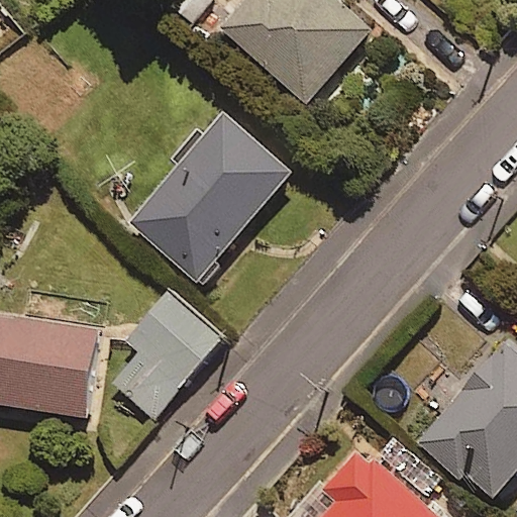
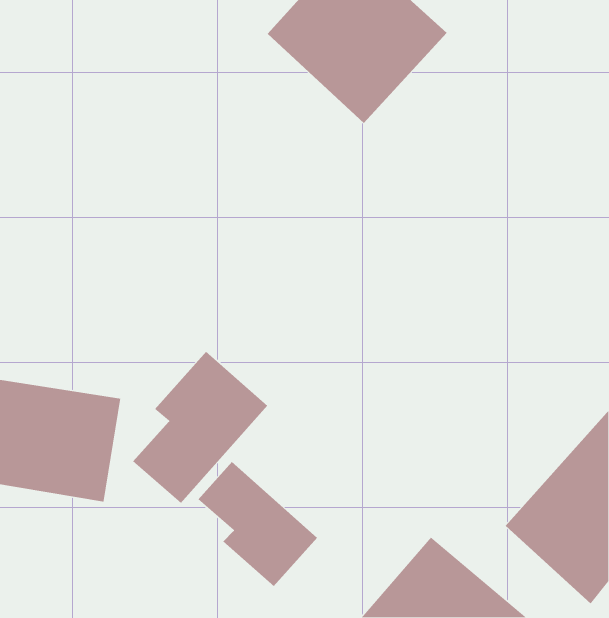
building: [128,113,292,282] -> none
building: none -> [197,461,318,587]

